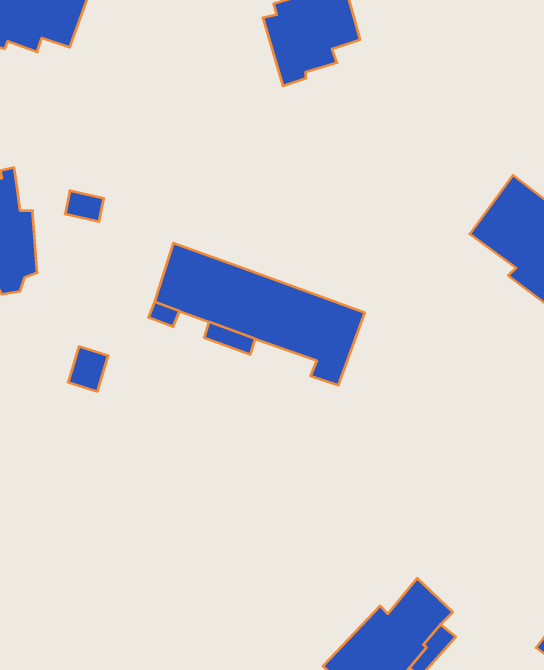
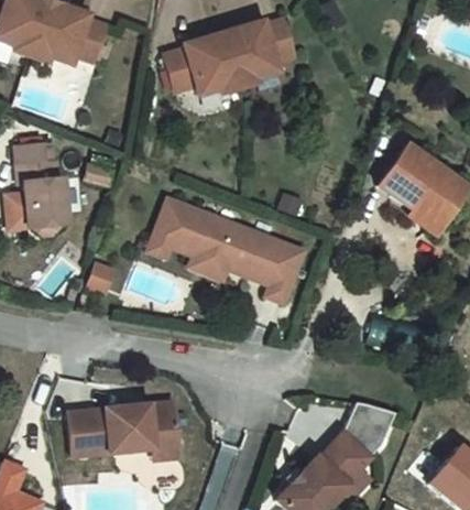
building: none -> [171,32,245,93]
building: none -> [62,399,173,454]
building: none -> [341,403,392,462]

